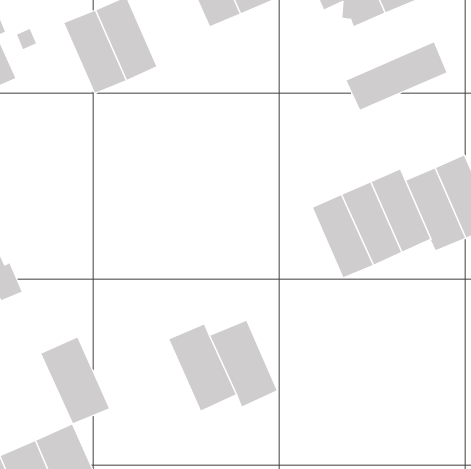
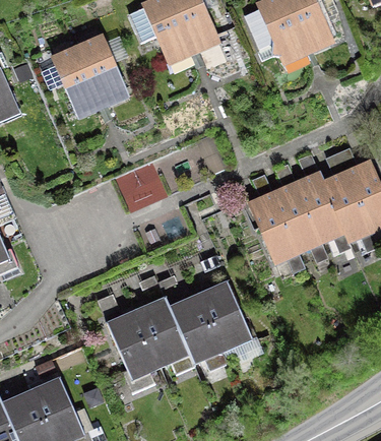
building: [346,42,447,110] -> none
building: none -> [198,281,252,351]
building: [41,337,110,424] -> [107,310,162,379]

